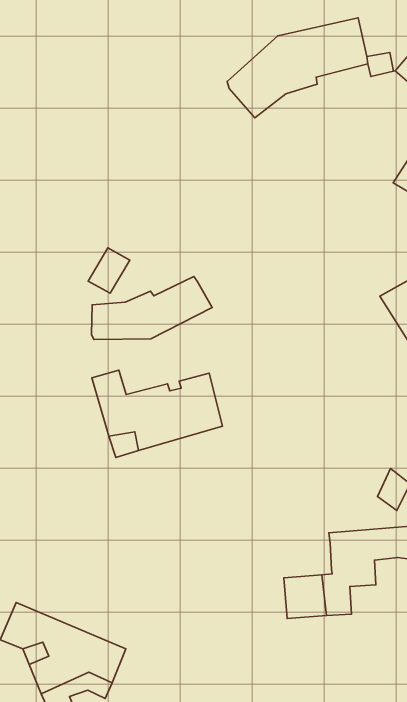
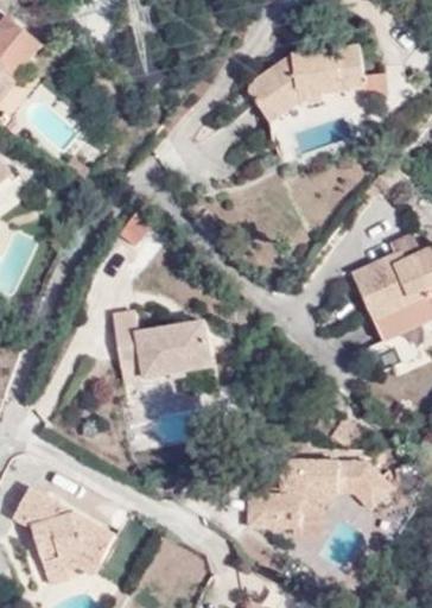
building: [92,277,212,340] -> none

